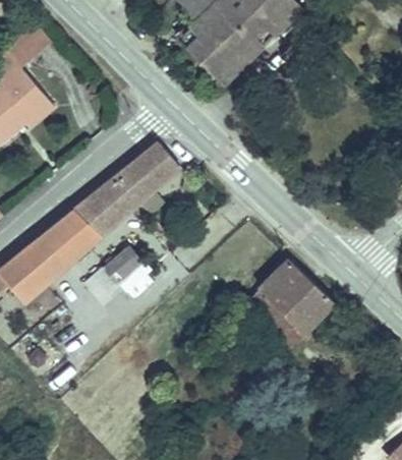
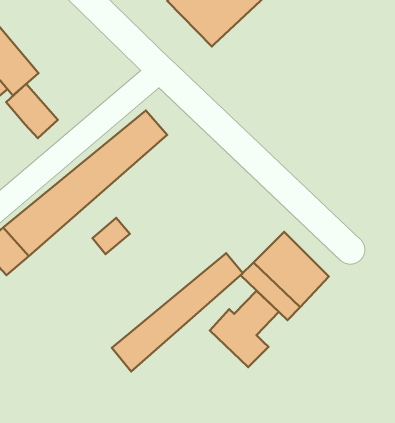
building: none -> [6,84,58,138]
building: none -> [112,253,243,372]
building: none -> [210,291,279,367]

